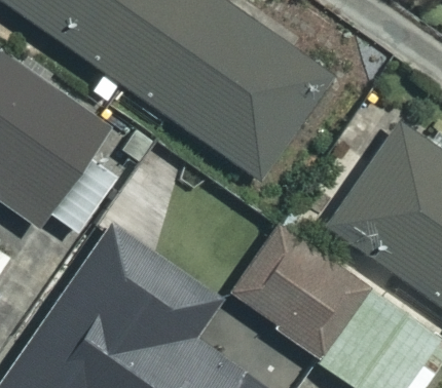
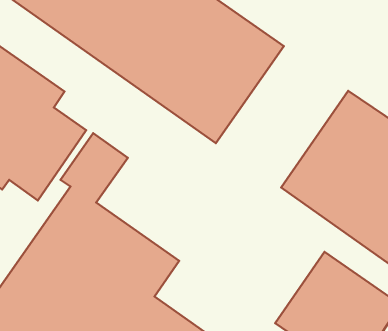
building: [234,225,368,355] -> none

